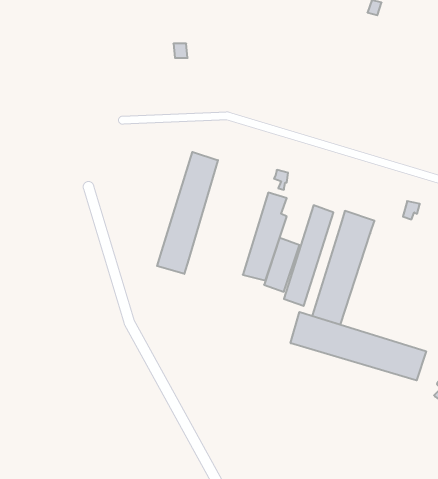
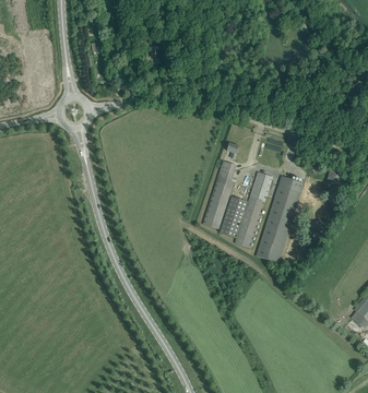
building: [157,152,218,274] -> none
building: [291,312,426,380] -> none

